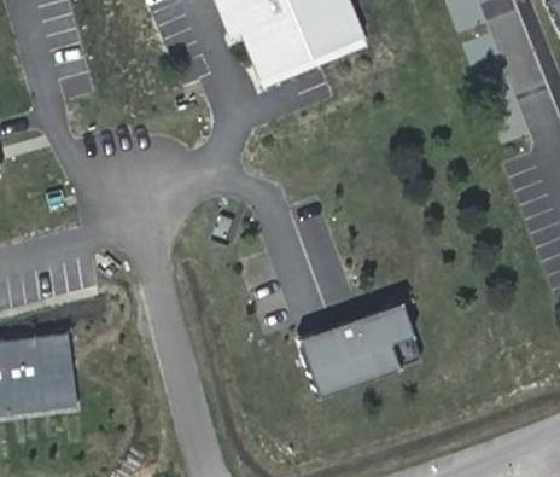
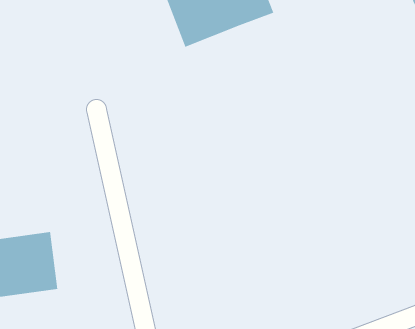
building: [293,304,419,400] -> none

